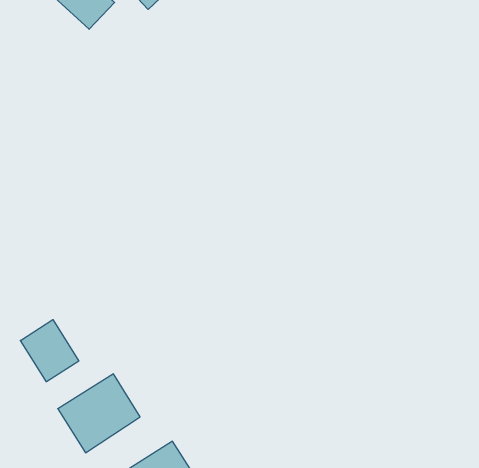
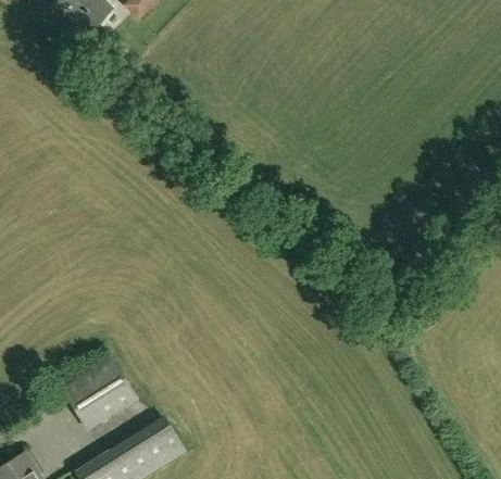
building: [20,320,79,382] -> none

